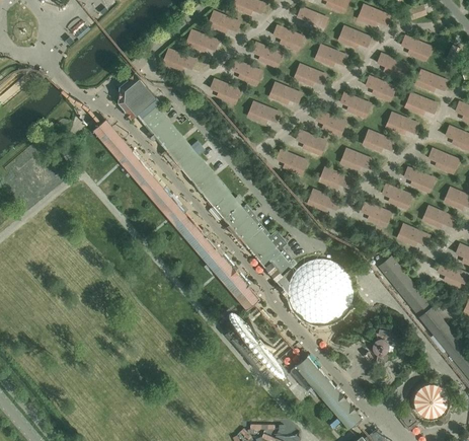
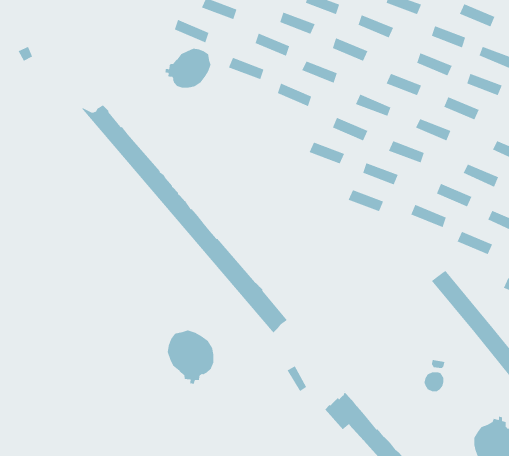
building: none -> [165,48,211,89]
building: [118,74,356,332] -> none
building: none -> [167,329,214,385]

